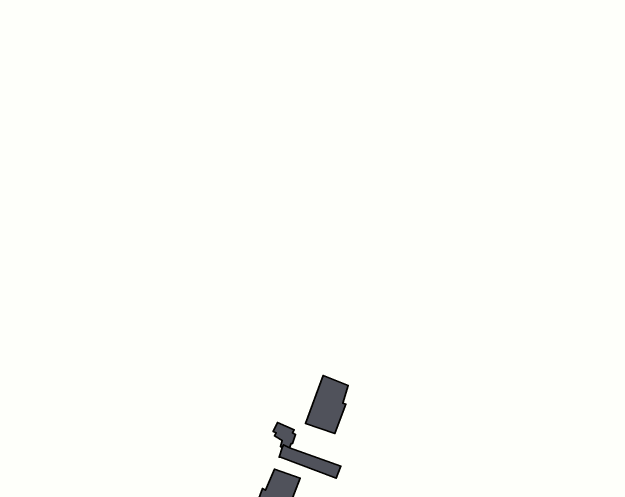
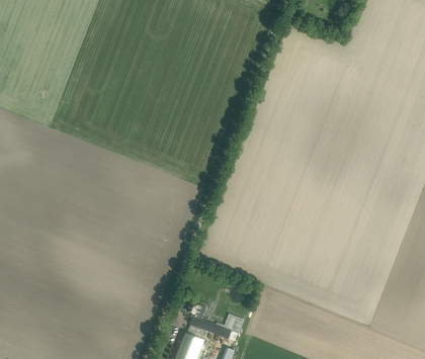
building: [306,376,348,433] -> none

